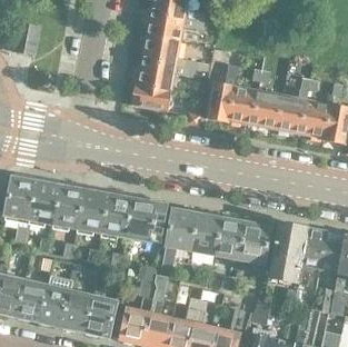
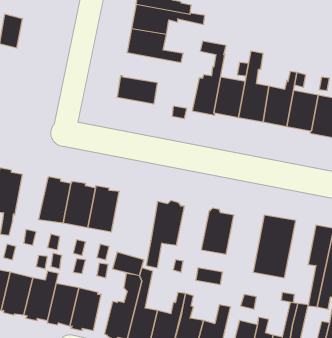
building: [138,59,196,89] -> none
building: [31,178,63,225] -> none
building: [127,196,170,241] -> none
building: [191,211,223,255] -> none
building: [240,218,271,262] -> none
building: [298,226,329,284] -> none

